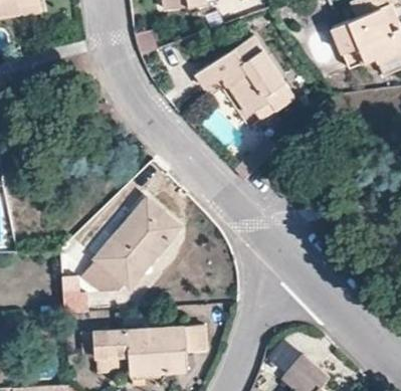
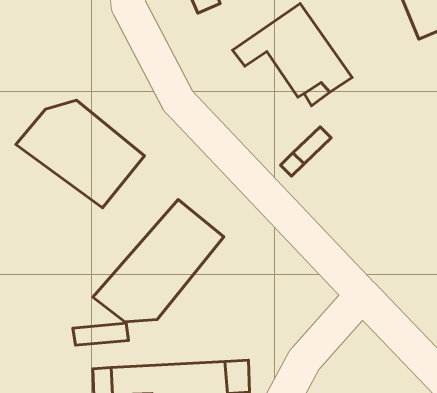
building: none -> [16,100,145,208]

